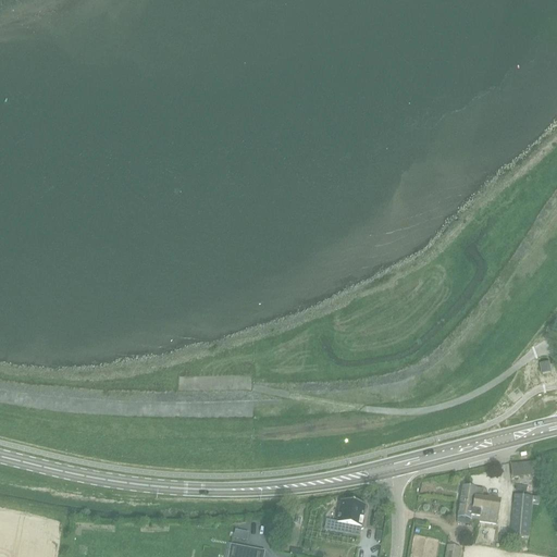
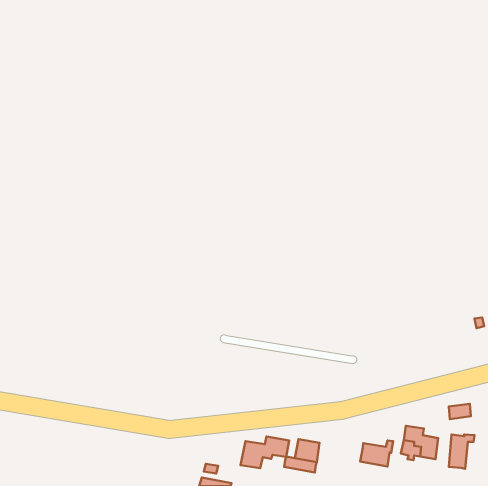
building: none -> [241,436,289,468]
building: none -> [360,441,393,466]

